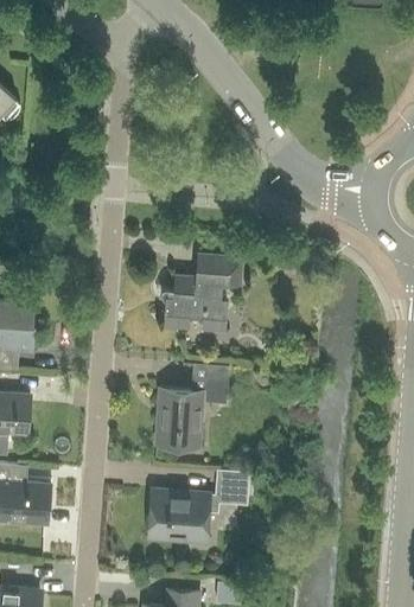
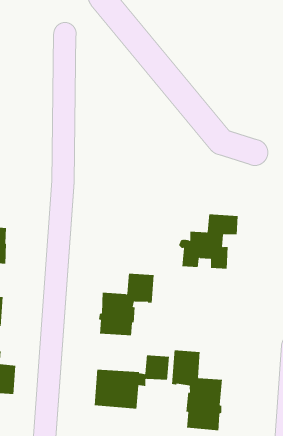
building: [160,255,238,327] -> [179,214,238,269]
building: none -> [172,350,223,431]

